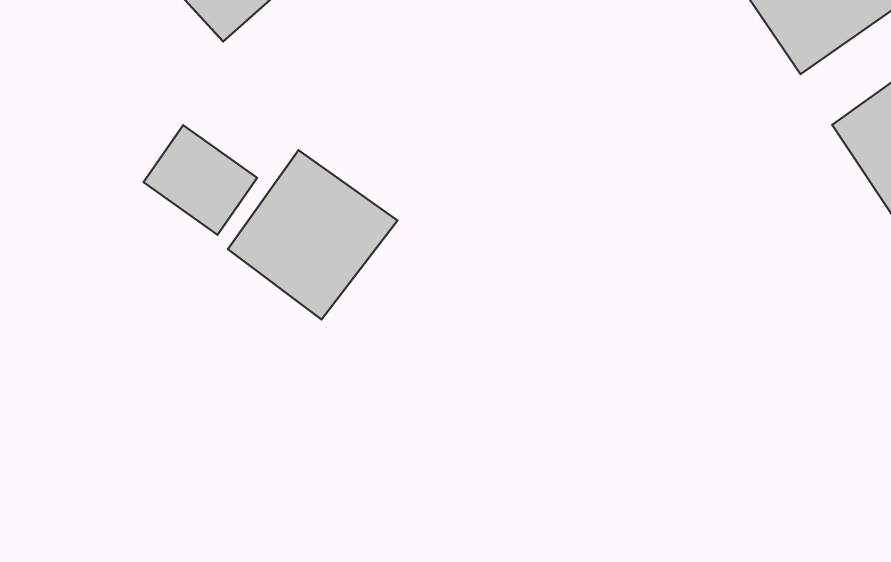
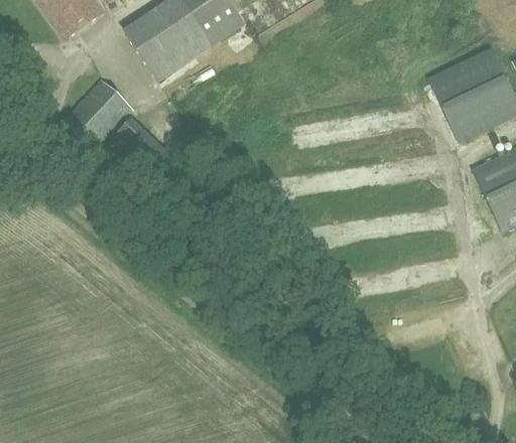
building: none -> [63,80,133,149]
building: [228,150,398,320] -> none

